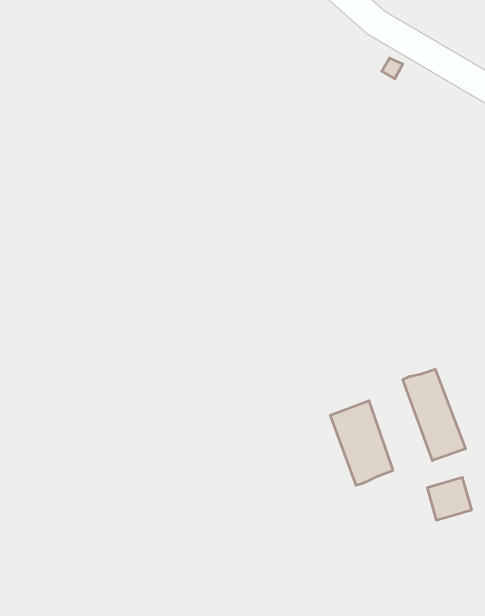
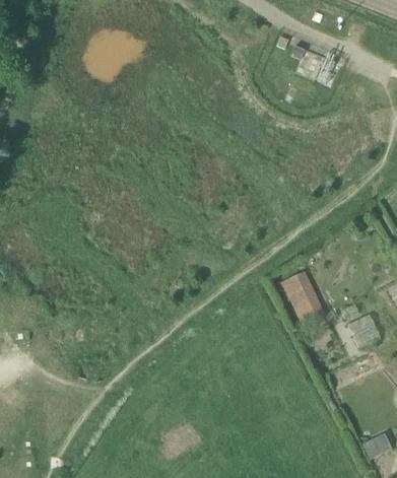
building: [403,369,466,461] -> none

